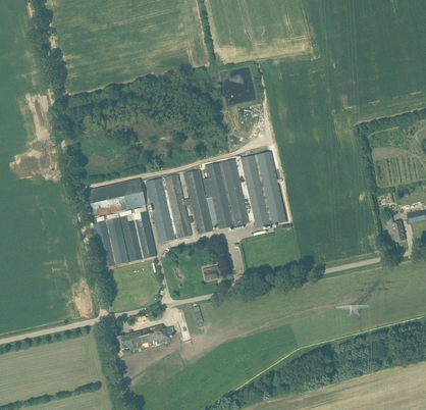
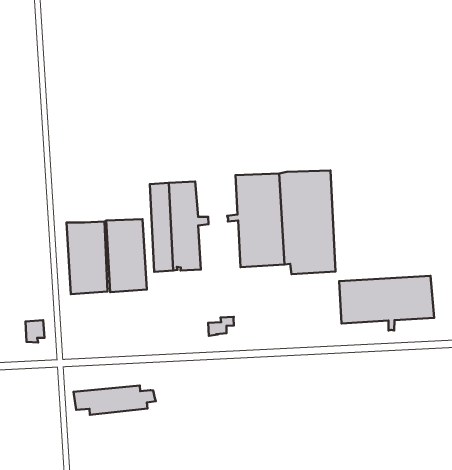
building: [184,169,212,234] -> none
building: [86,178,146,217] -> none
building: none -> [339,276,434,331]

